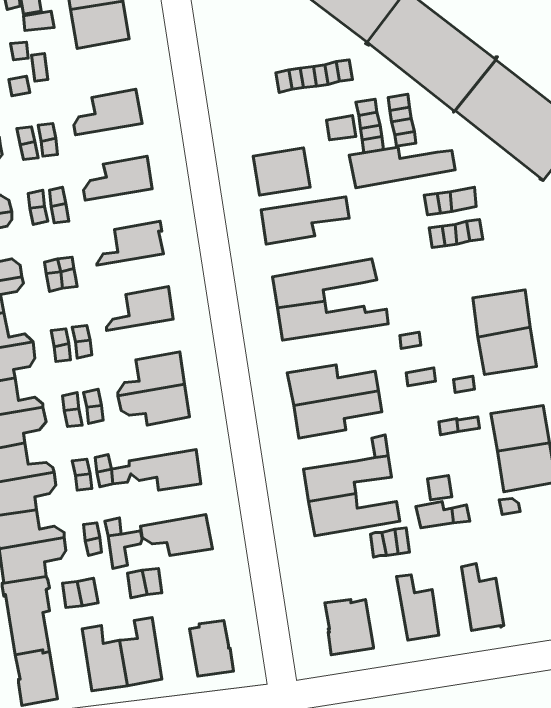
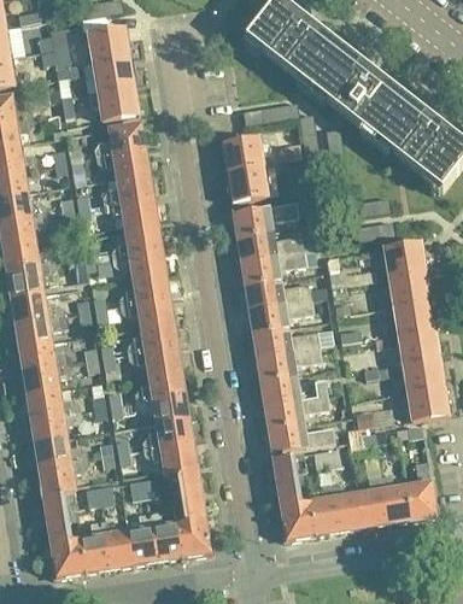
building: none -> [89,84,140,121]
building: none -> [222,135,264,171]
building: none -> [95,147,148,177]
building: [349,147,455,188] -> [236,230,315,260]
building: none -> [102,195,158,225]
building: none -> [385,241,428,276]
building: none -> [111,244,164,274]
building: none -> [118,292,172,322]
building: none -> [248,298,313,332]
building: none -> [398,327,441,362]
building: none -> [134,364,184,397]
building: none -> [260,374,304,403]
building: none -> [142,414,192,445]
building: none -> [274,452,304,502]
building: none -> [165,462,205,517]
building: none -> [406,467,436,518]
building: none -> [359,475,388,526]
building: none -> [310,482,341,534]
building: none -> [152,510,186,558]
building: none -> [76,521,107,573]

